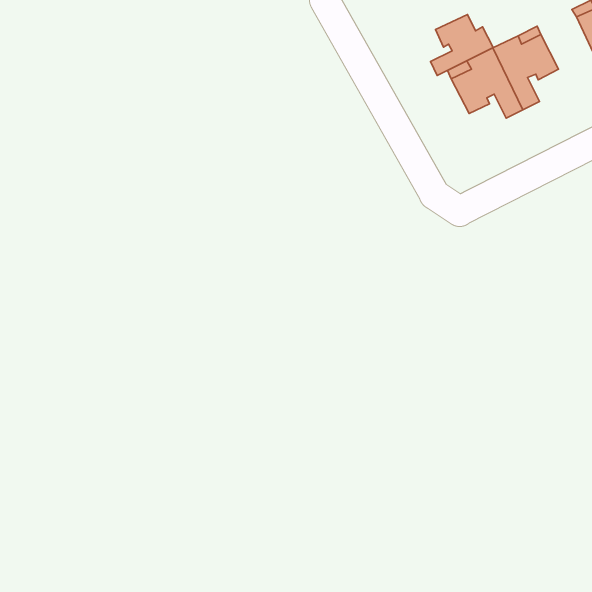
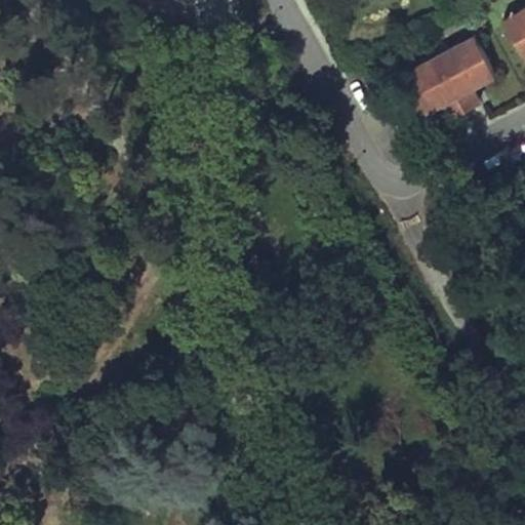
building: [430,15,493,76] -> none

